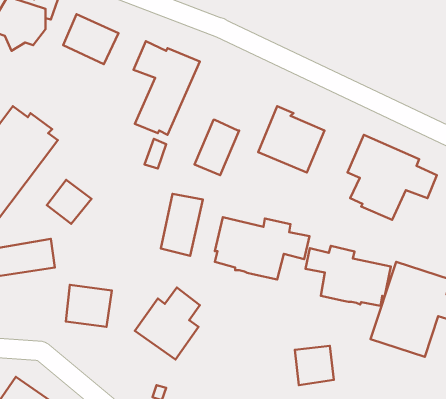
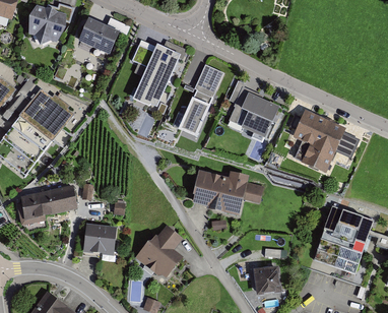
building: none -> [193,65,224,107]
building: [47,180,92,224] -> none
building: [161,194,203,256] -> none
building: [306,246,391,306] -> none

